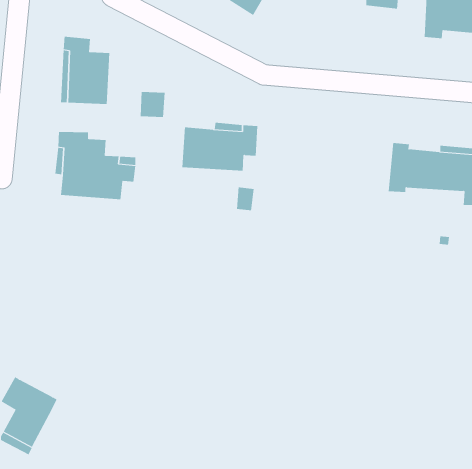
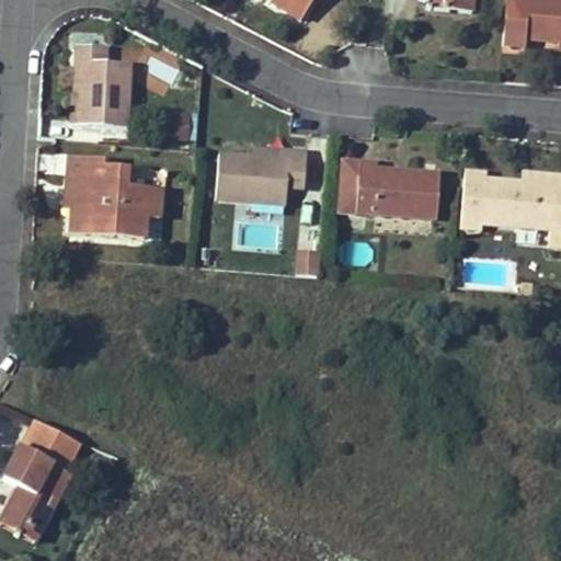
building: none -> [340,159,439,216]
building: none -> [24,422,78,470]

